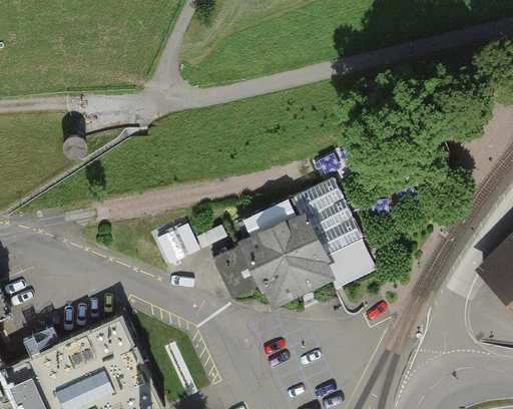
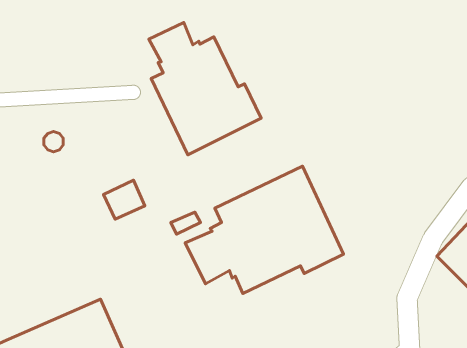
building: none -> [149,23,261,155]
building: [157,222,200,263] -> [104,180,145,219]

